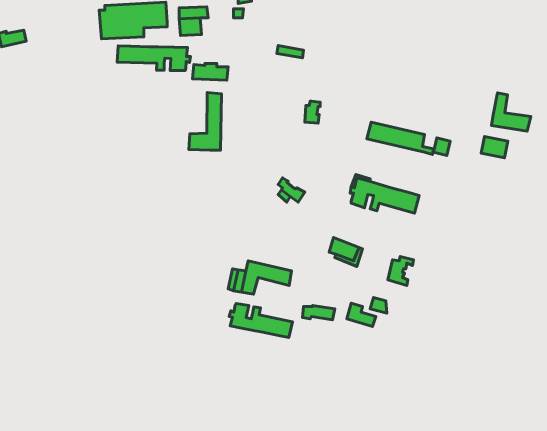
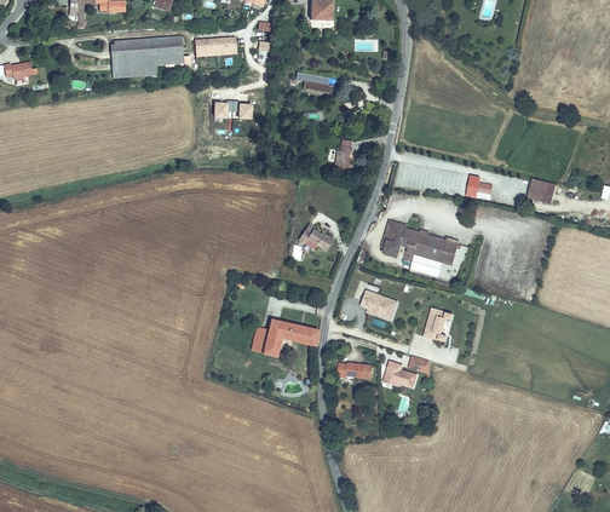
building: [117,46,190,71] -> none
building: [189,92,221,150] -> none
building: [491,93,531,131] -> none
building: [229,304,293,338] -> none

